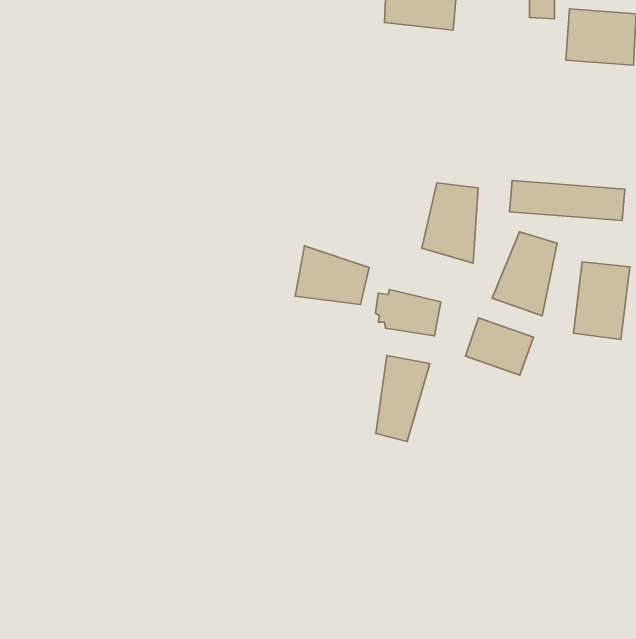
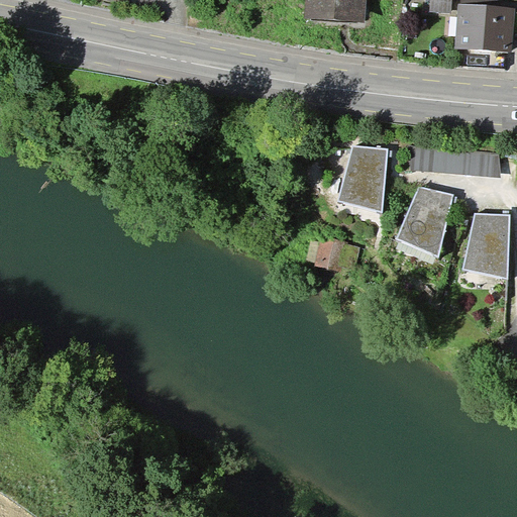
building: [295,246,369,304] -> none
building: [465,318,534,375] -> none
building: [376,355,430,441] -> none

